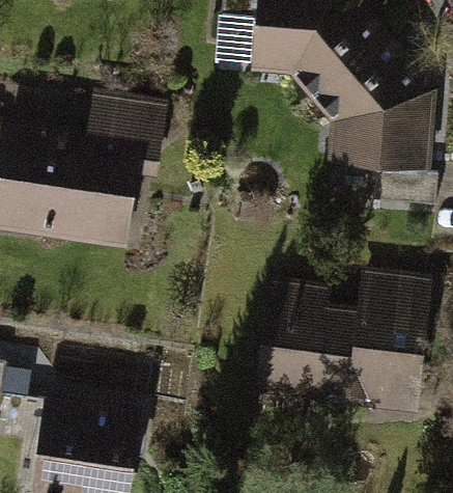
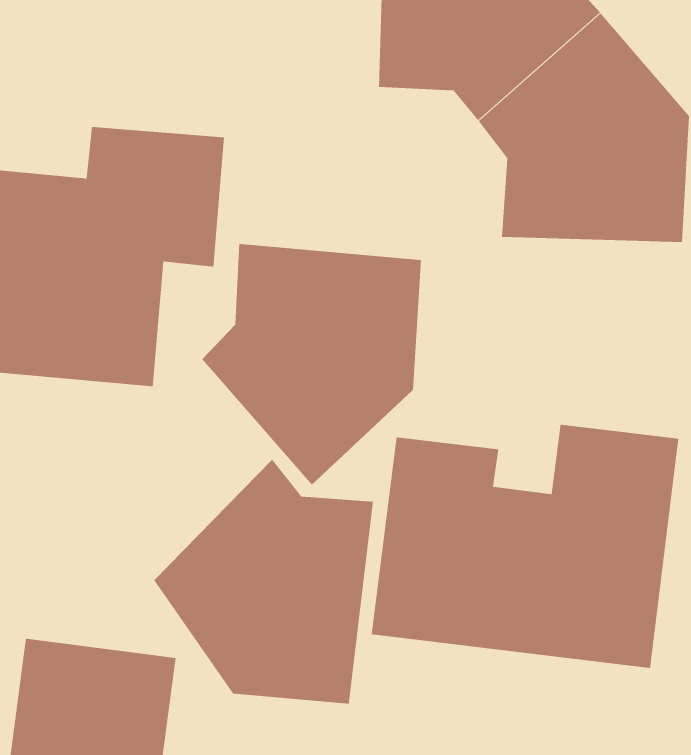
building: none -> [202,243,421,485]
building: none -> [153,459,374,705]

